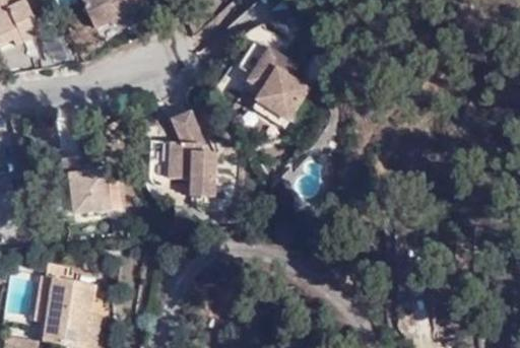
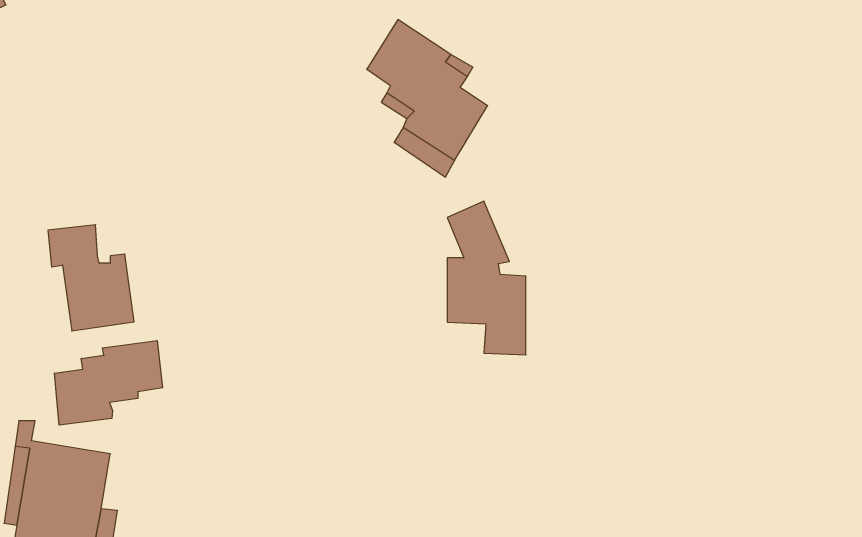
building: [172,112,215,197] -> [447,201,526,355]
building: none -> [54,341,163,425]

